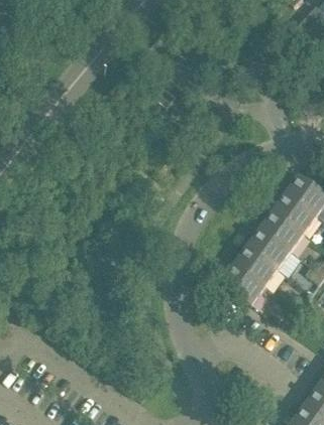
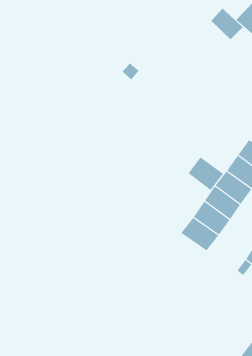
building: none -> [211,8,244,40]
building: none -> [188,156,224,191]

